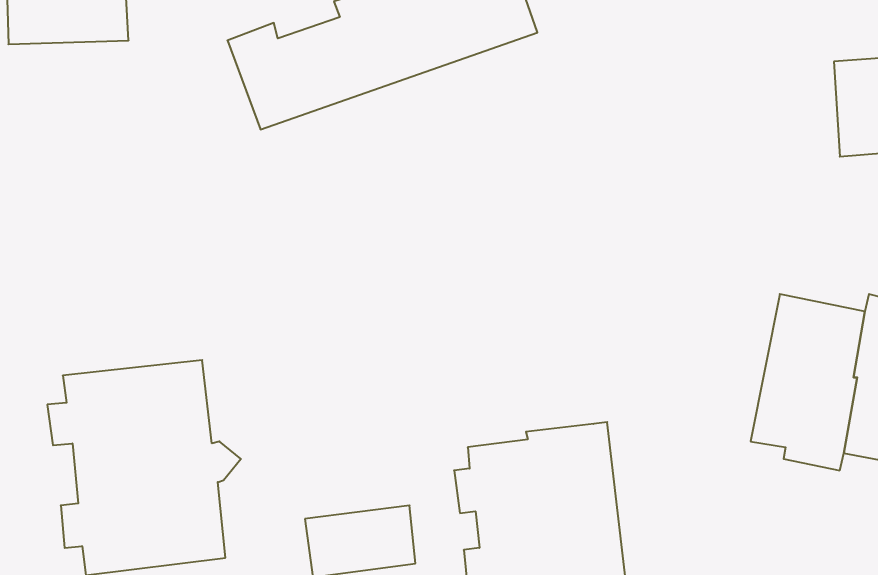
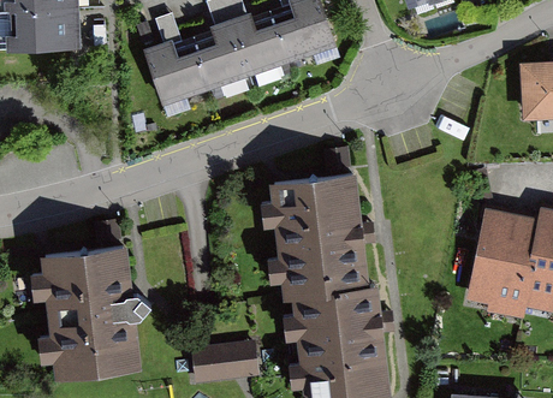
building: none -> [261,173,370,303]

